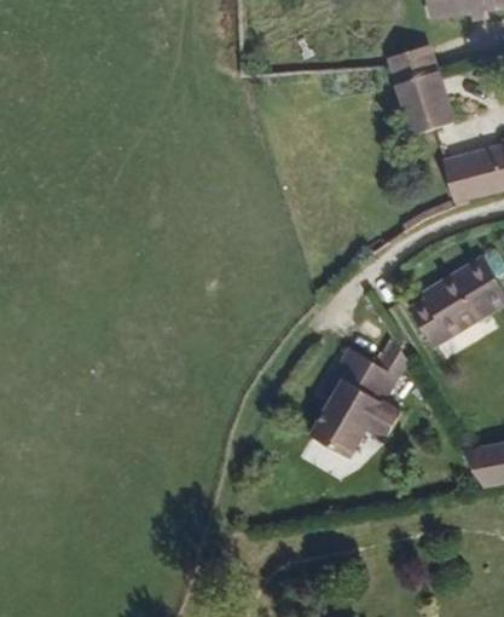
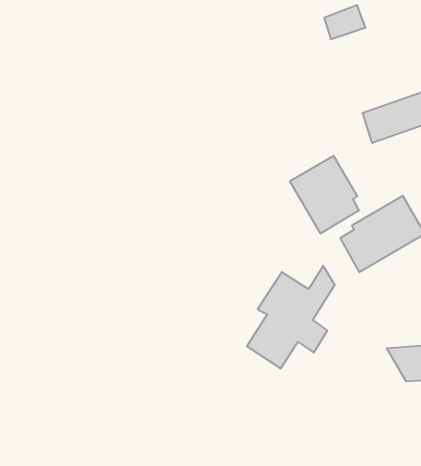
building: [400,65,463,131] -> none
building: none -> [290,156,359,234]

